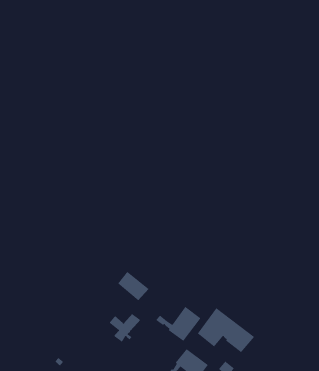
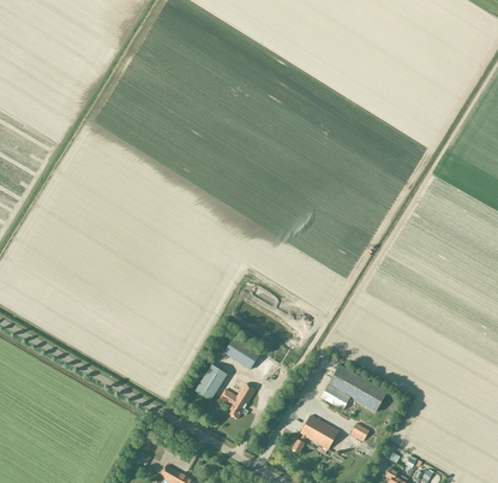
building: none -> [194,364,227,400]
building: [155,306,201,342] -> none

